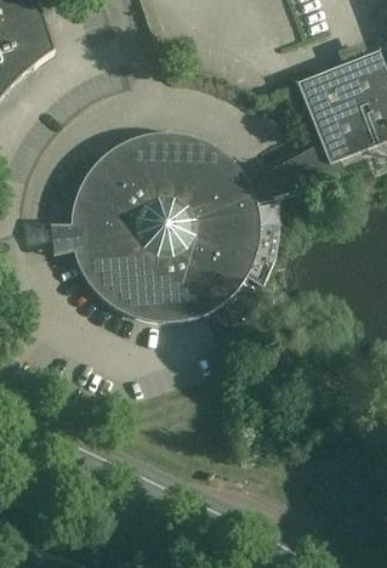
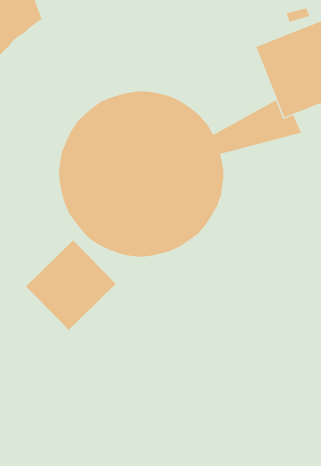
building: none -> [25,240,116,331]

